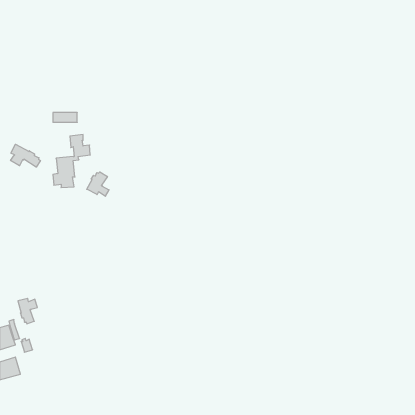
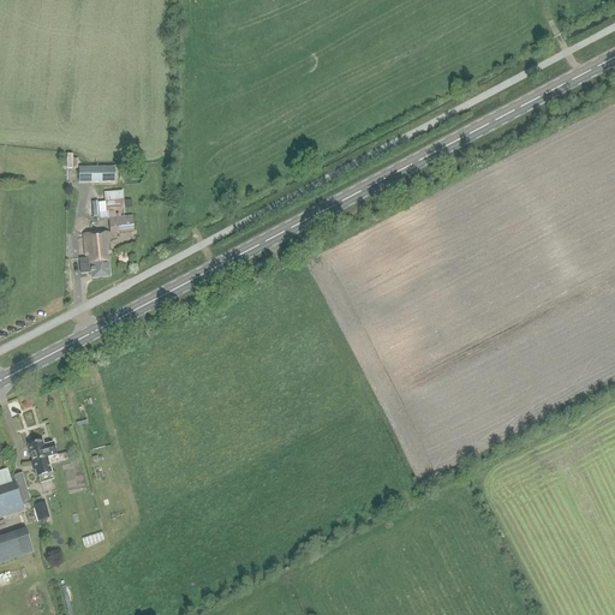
building: [11,144,40,167] -> none
building: [87,172,109,196] -> none

